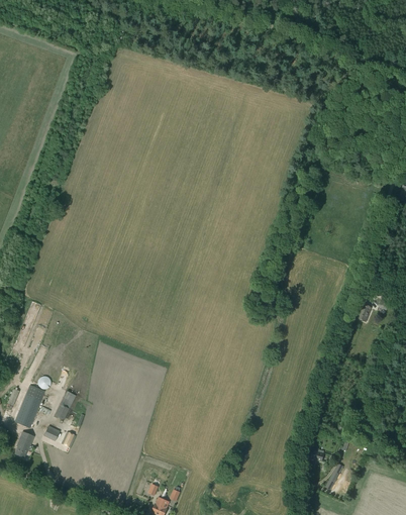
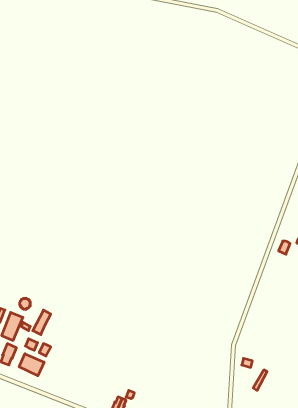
building: none -> [19,354,44,376]

